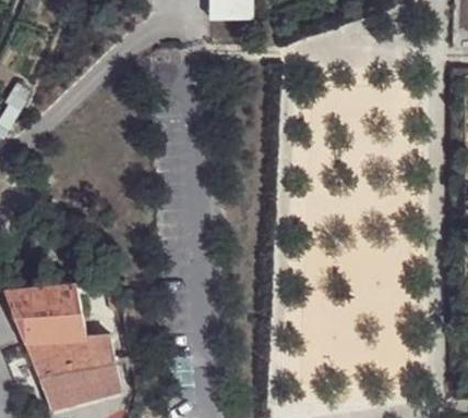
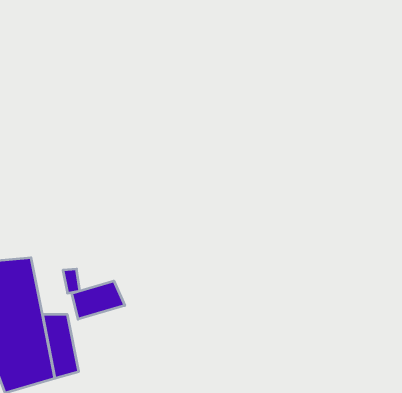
building: none -> [72,281,125,319]

